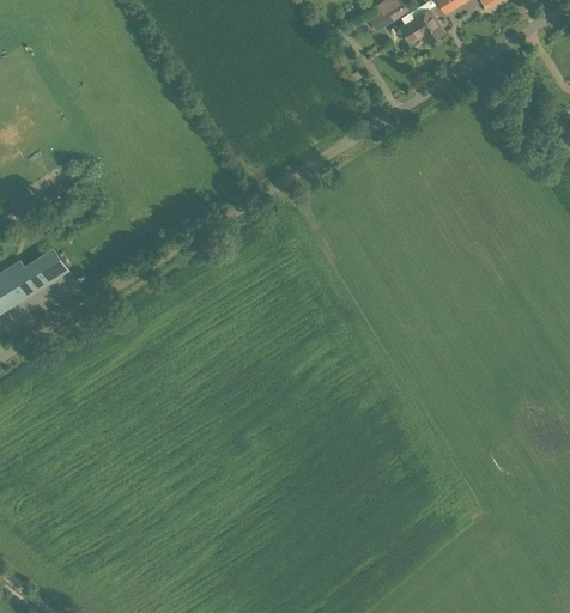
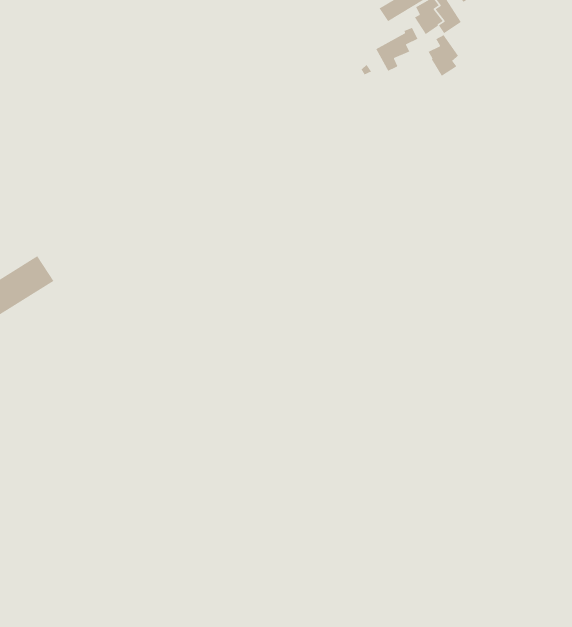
building: none -> [375,27,419,72]
building: none -> [427,34,459,77]

